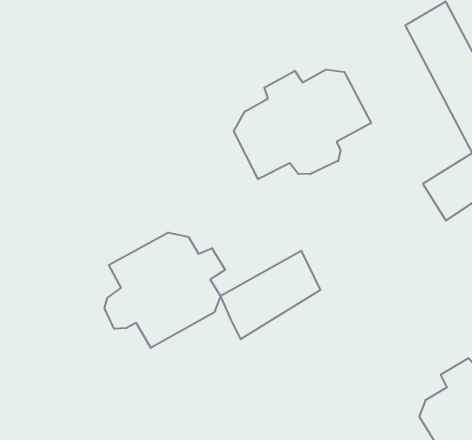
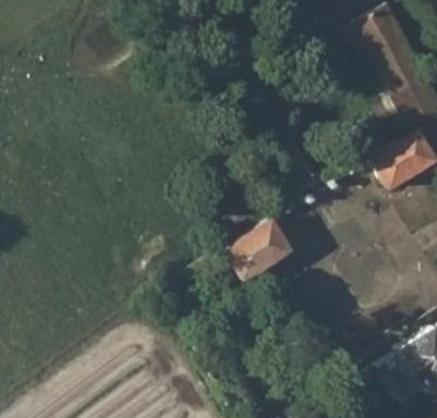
building: [234,70,371,179] -> none
building: [105,232,225,348] -> none

